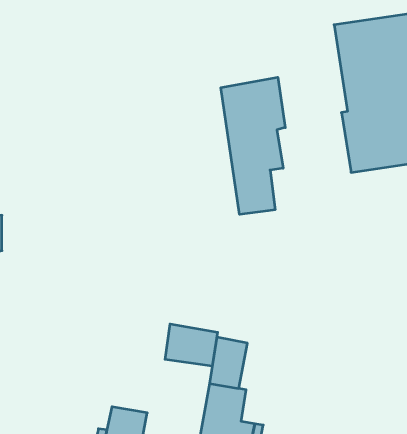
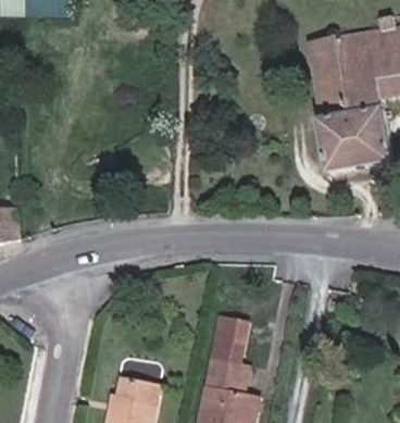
building: [221,77,285,214] -> none
building: [165,324,218,366] -> none

